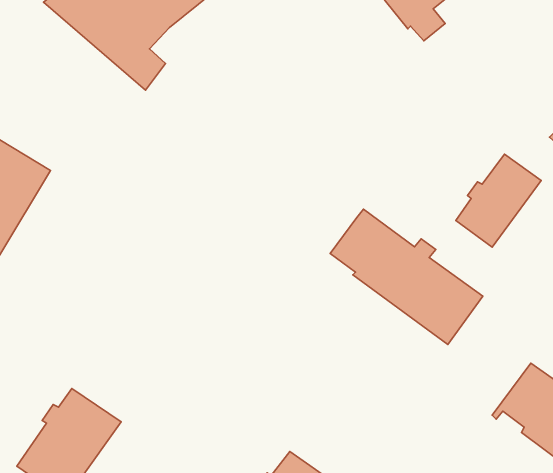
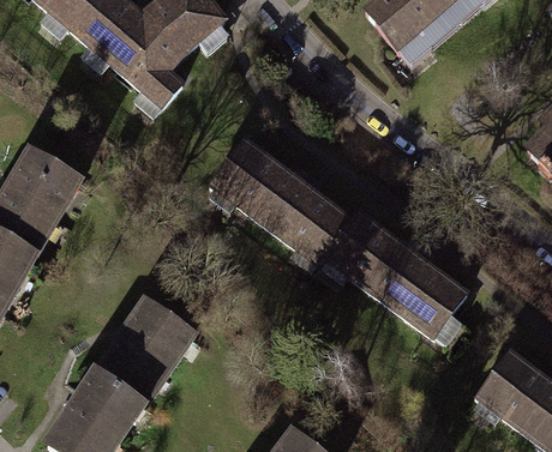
building: none -> [209,140,352,261]
building: [456,154,541,247] -> none
building: none -> [96,301,190,404]

